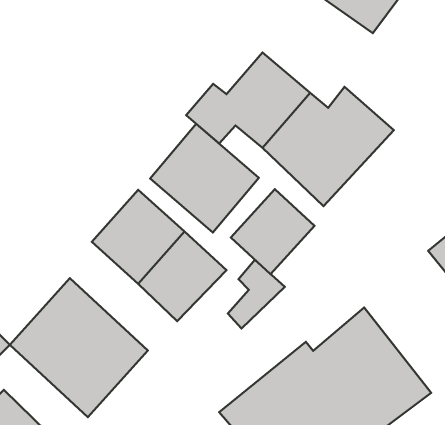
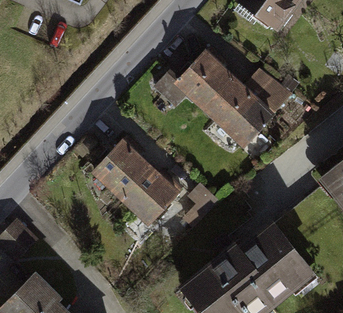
building: [150,124,259,233] -> none
building: [231,189,315,274] -> none
building: [10,278,148,417] -> none

